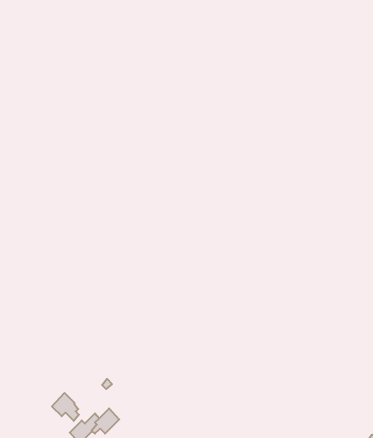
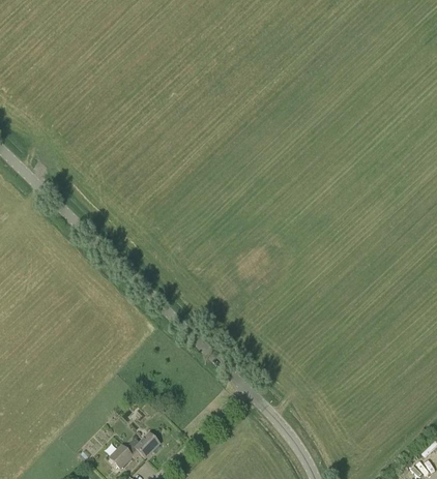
building: [52,393,79,421] -> none

